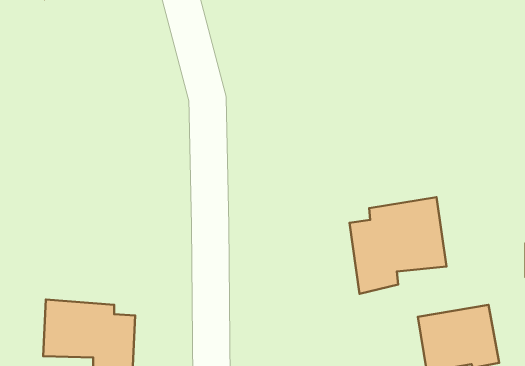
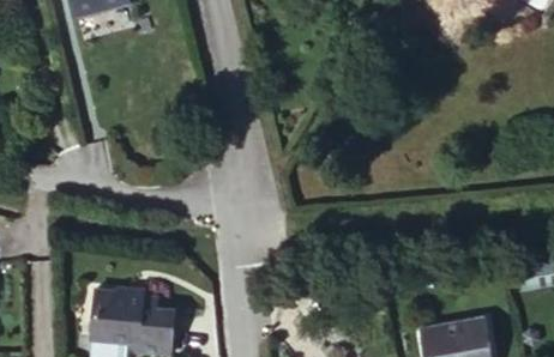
building: [349,197,446,294] -> none

